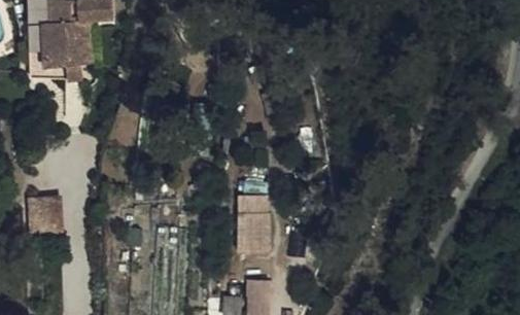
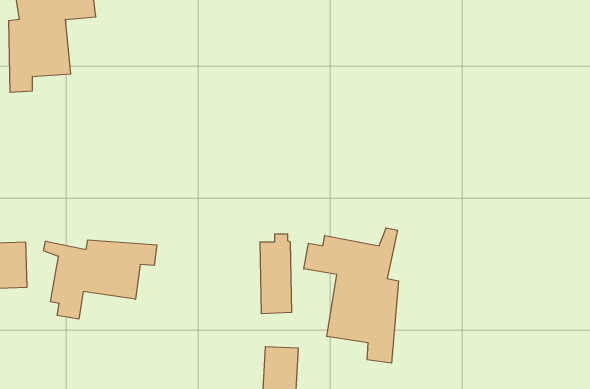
building: none -> [304,228,399,363]
building: none -> [44,240,157,319]

